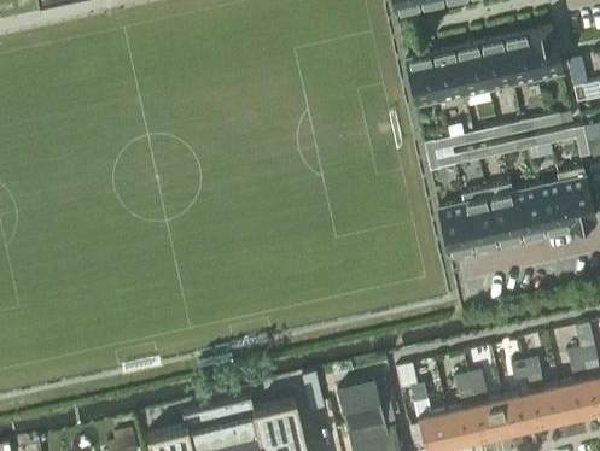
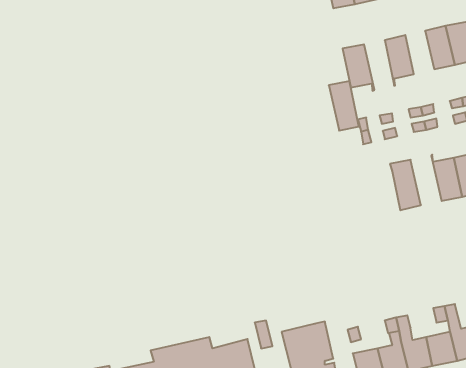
building: [479,37,513,88] -> none
building: [431,48,466,106] -> [329,81,359,131]
building: [485,183,522,241] -> none
building: [438,201,473,252] -> none

